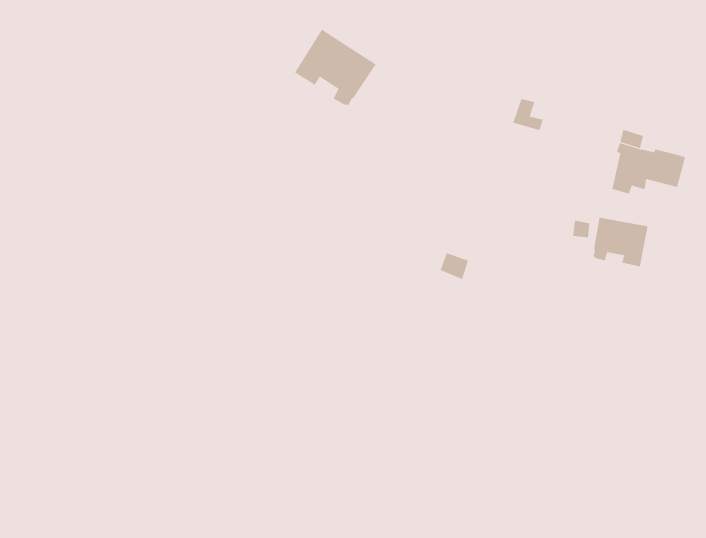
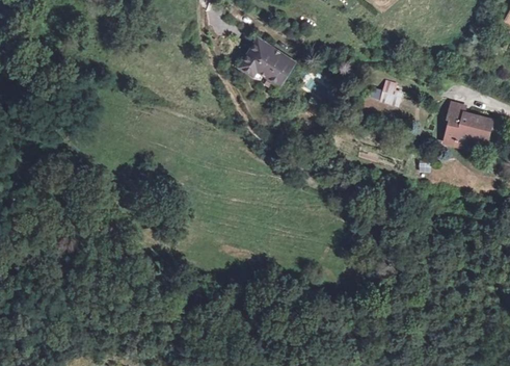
building: [593,217,648,267] -> none

